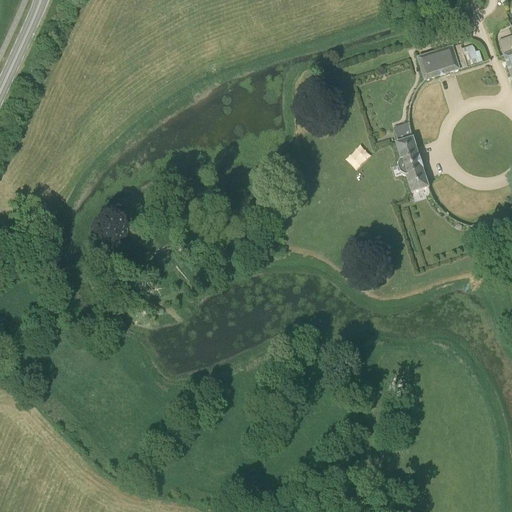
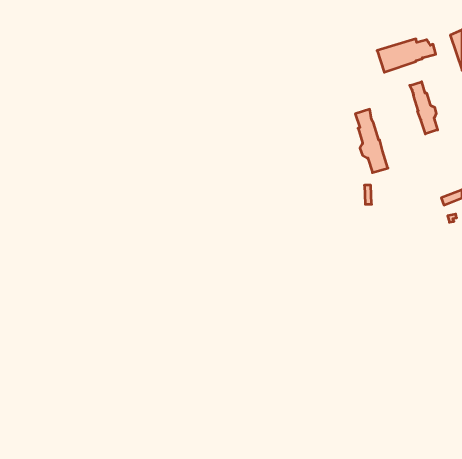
building: none -> [410,82,438,134]

